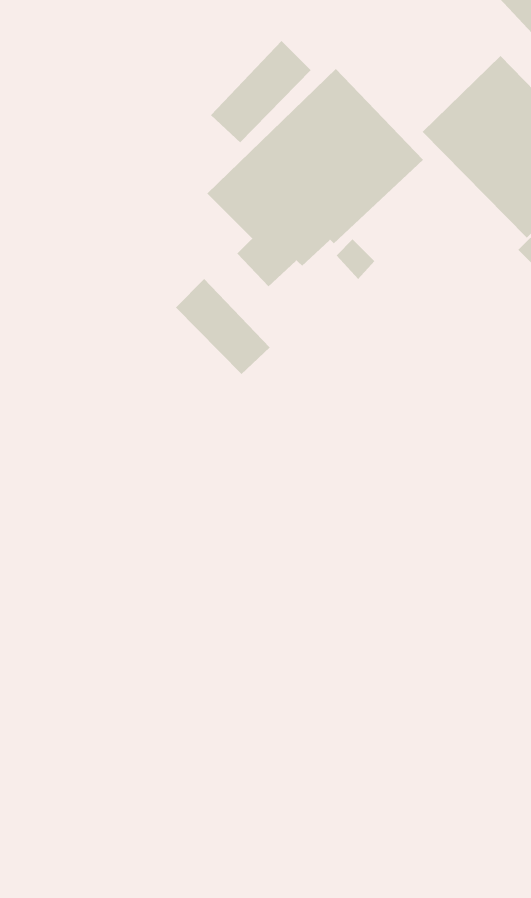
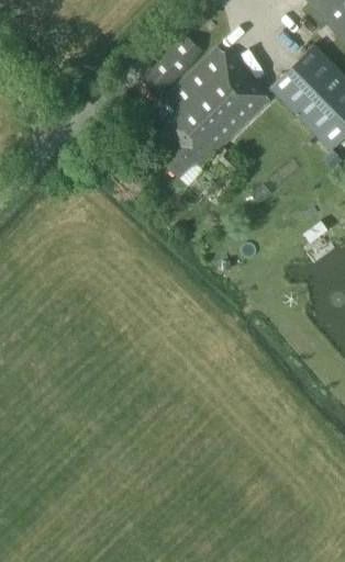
building: [175,278,271,375] -> none

